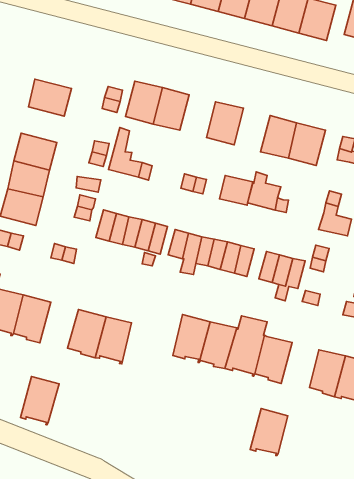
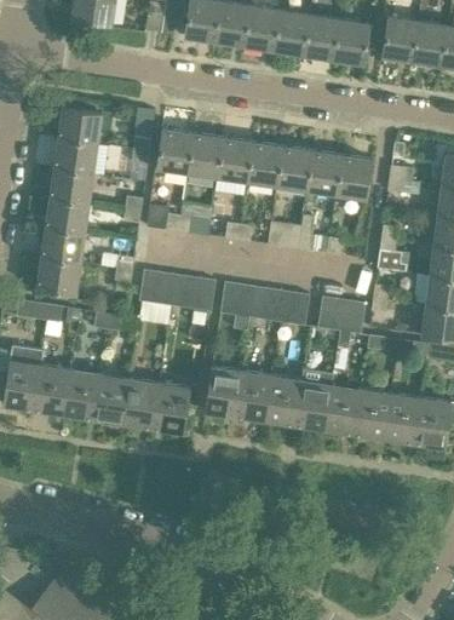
building: none -> [57,107,100,143]
building: none -> [217,137,252,180]
building: none -> [48,167,92,202]
building: none -> [276,145,311,190]
building: none -> [202,367,240,417]
building: [20,377,59,425] -> [91,373,128,423]
building: [250,409,288,456] -> [352,390,389,438]

